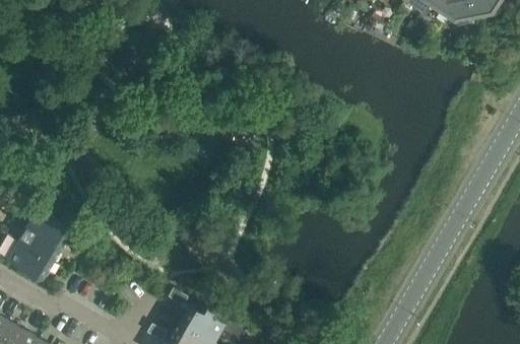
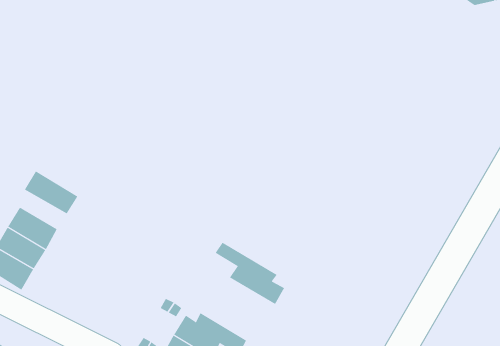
building: none -> [24,170,78,214]
building: none -> [215,242,285,305]

